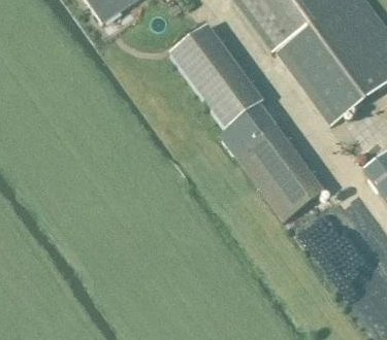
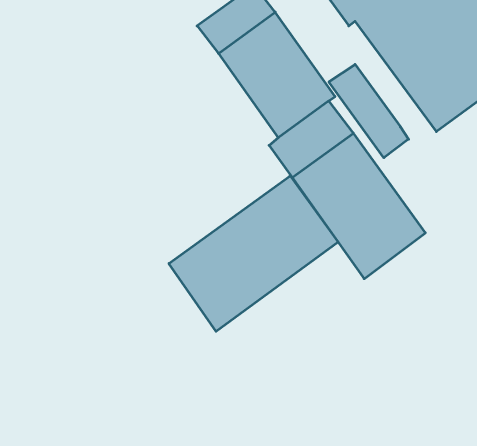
building: none -> [329,64,409,158]
building: none -> [169,176,338,331]

